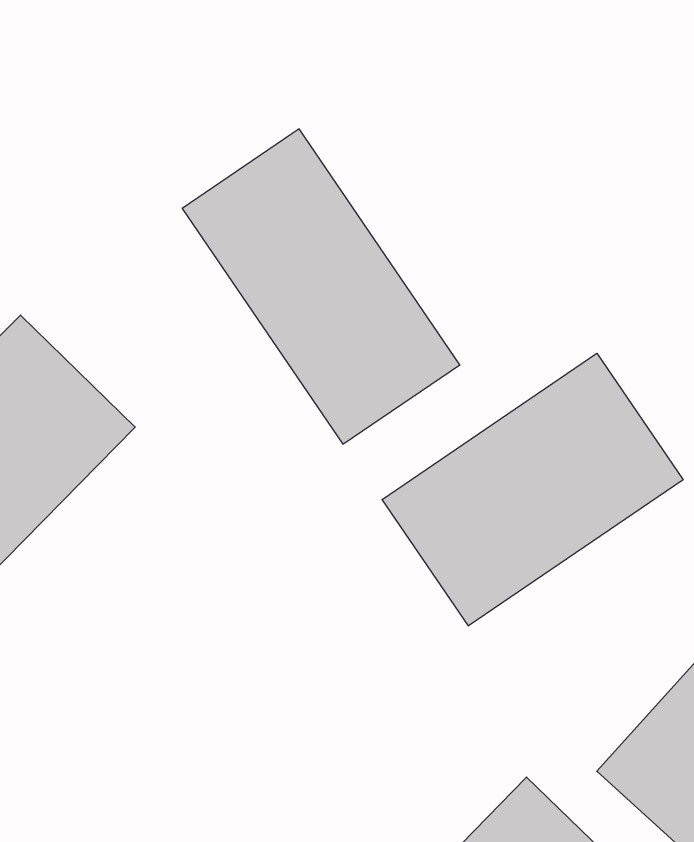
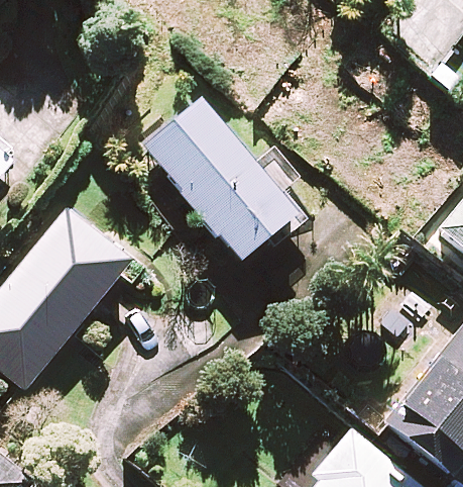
building: [382,353,683,626] -> none

